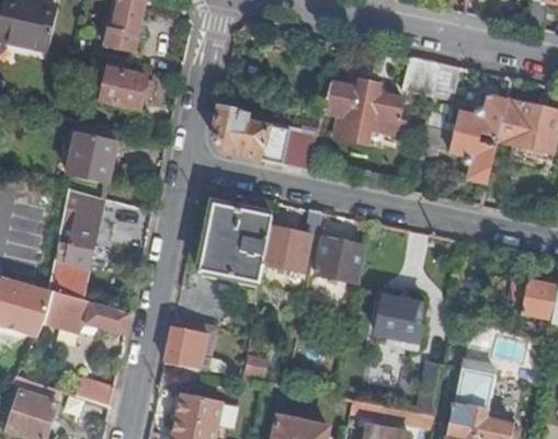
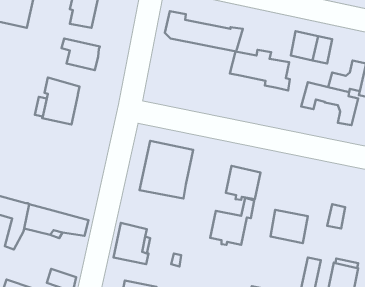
building: [212,108,317,163] -> [165,11,243,52]
building: [333,117,385,148] -> none
building: [48,189,103,299] -> none
building: [262,210,321,274] -> [210,198,254,245]

